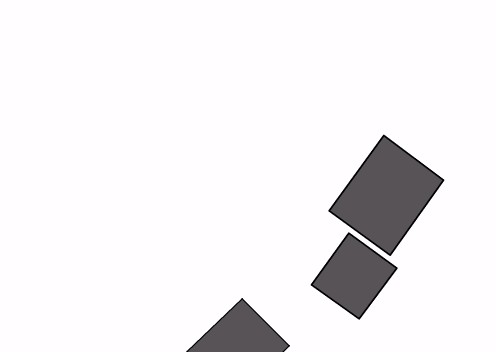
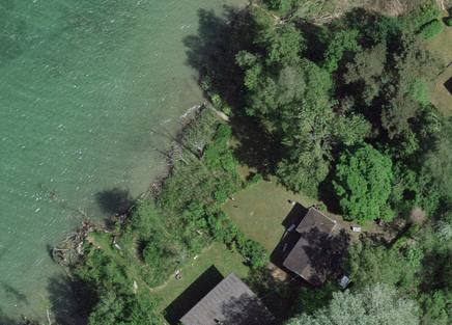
building: [329,136,443,255] -> none

